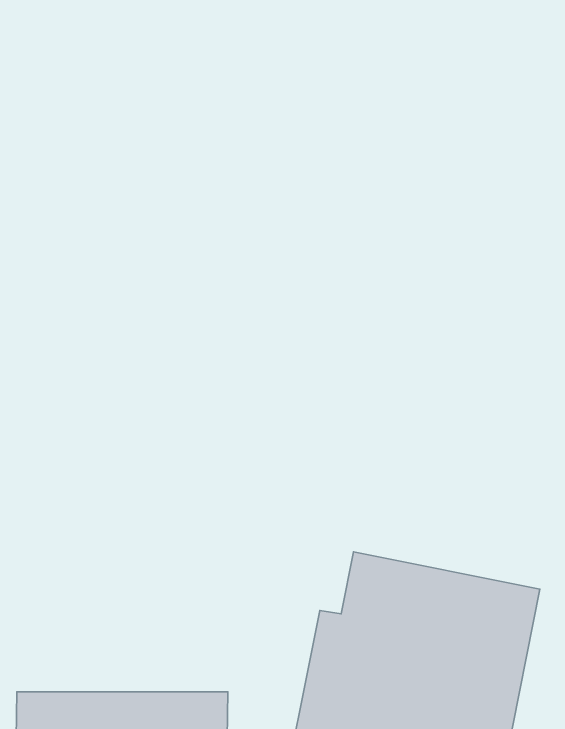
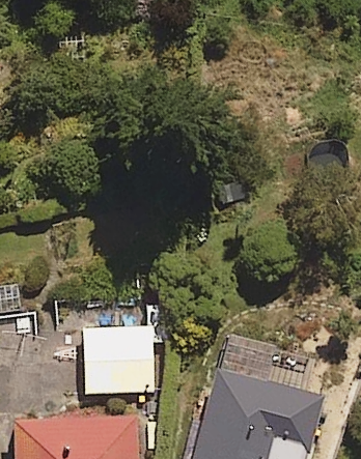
building: none -> [86,333,161,406]

